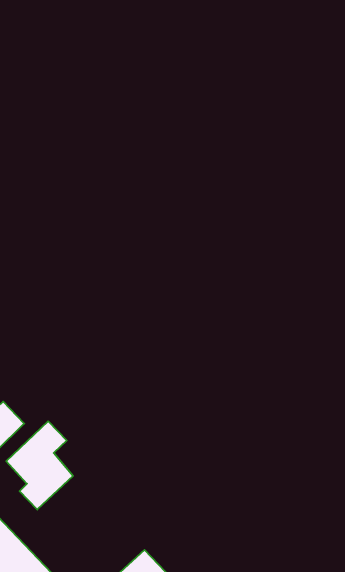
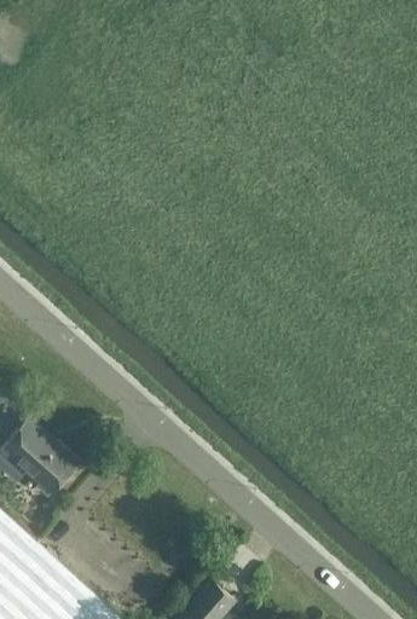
building: [6,421,73,510] -> none

